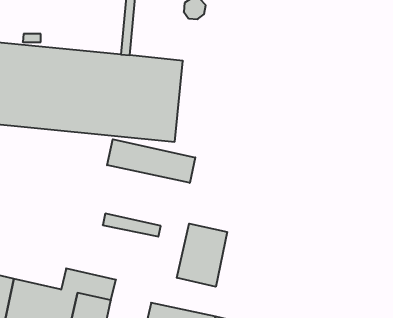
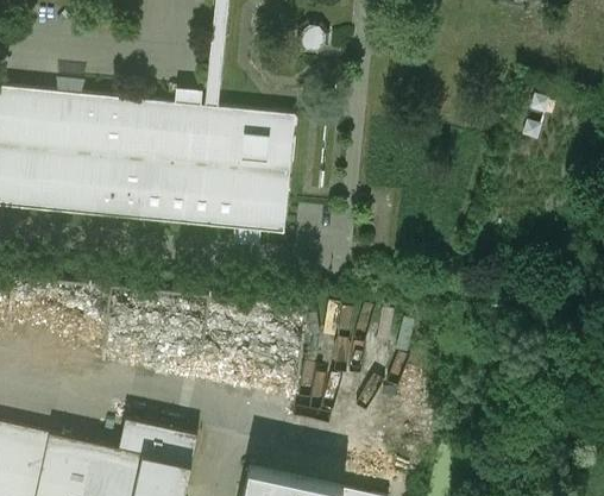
building: [107,139,195,183] -> none
building: [177,224,227,287] -> none

